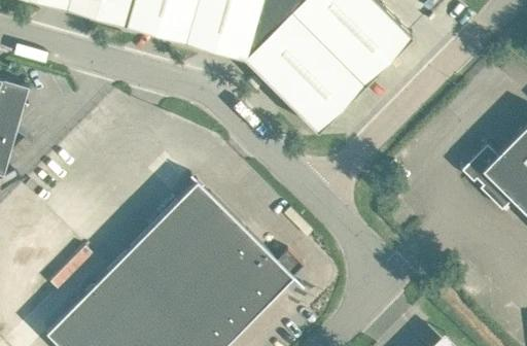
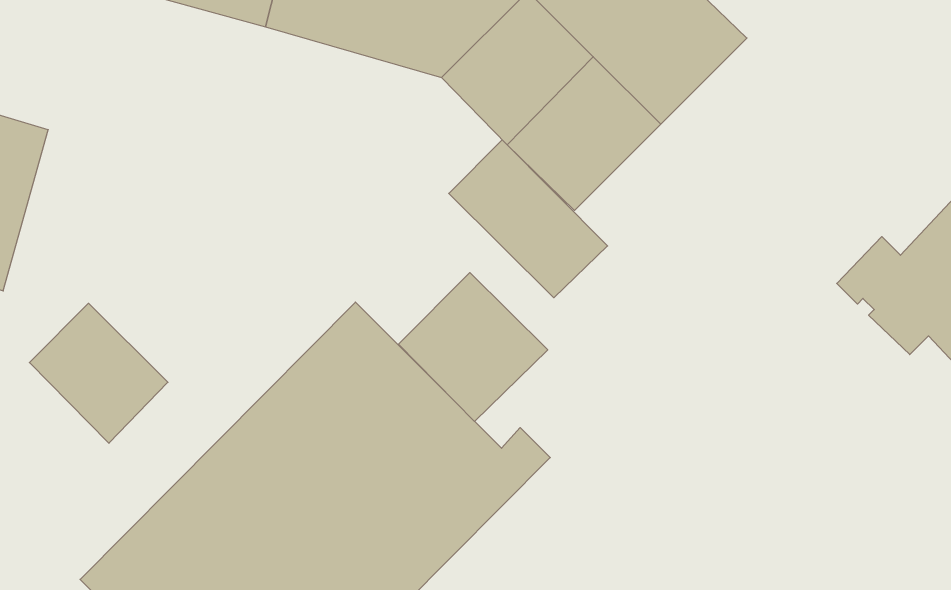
building: none -> [449,140,608,298]
building: none -> [399,273,548,421]
building: none -> [29,303,168,443]

